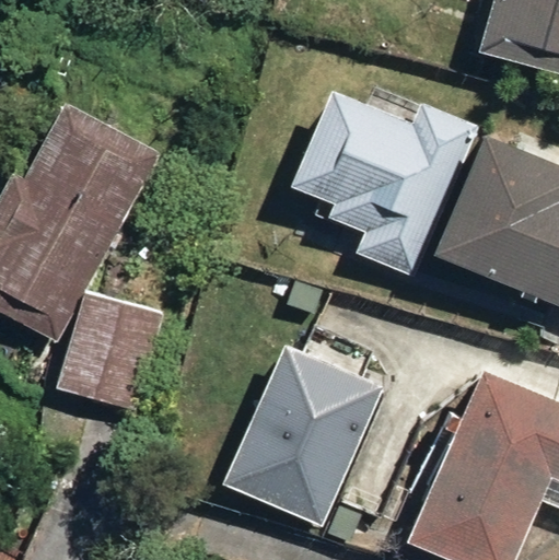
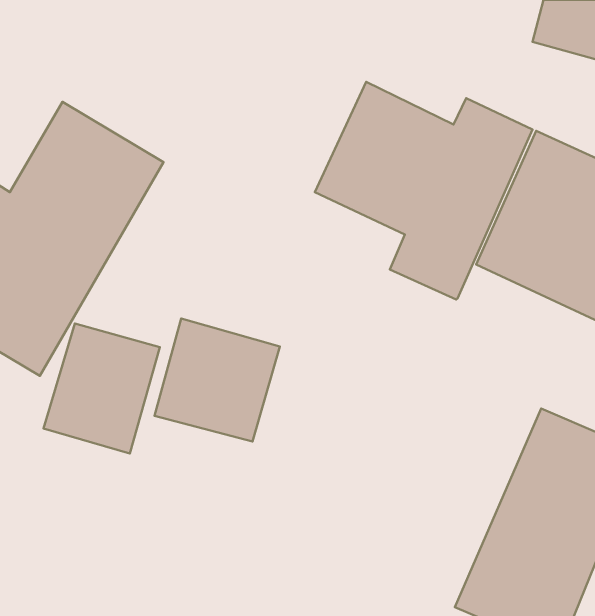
building: none -> [155,319,280,442]
building: [212,360,373,541] -> none

